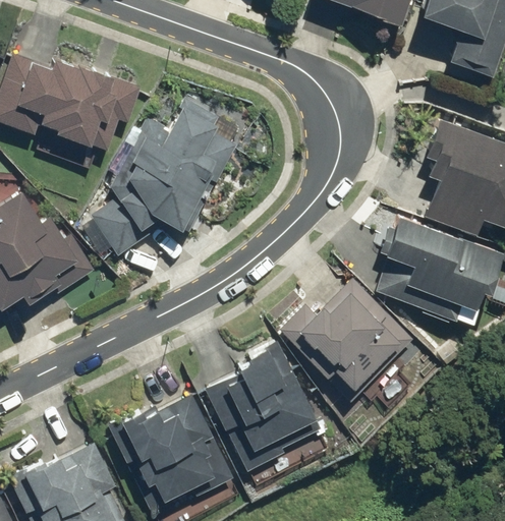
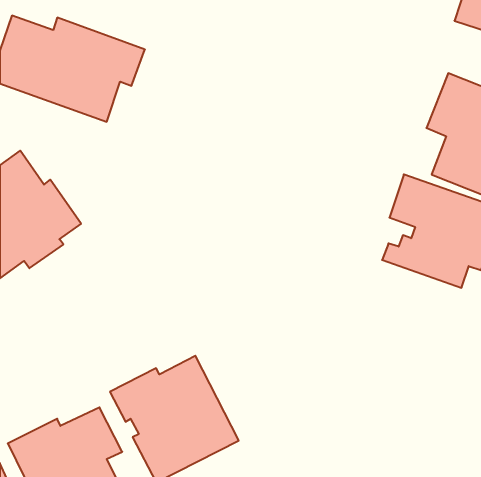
building: [91,105,220,259] -> none
building: [278,280,409,402] -> none
building: [204,344,317,477] -> none

